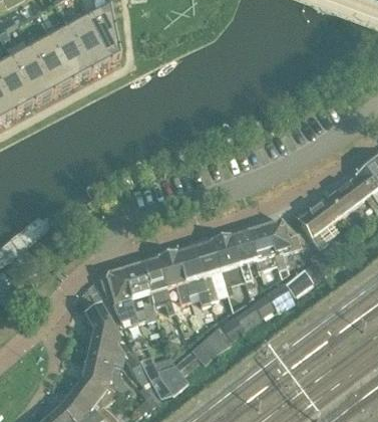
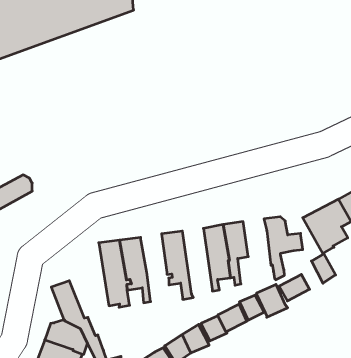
building: [245,224,275,269] -> none
building: [193,240,220,299] -> none
building: [156,250,190,302] -> none
building: [99,266,137,323] -> none

